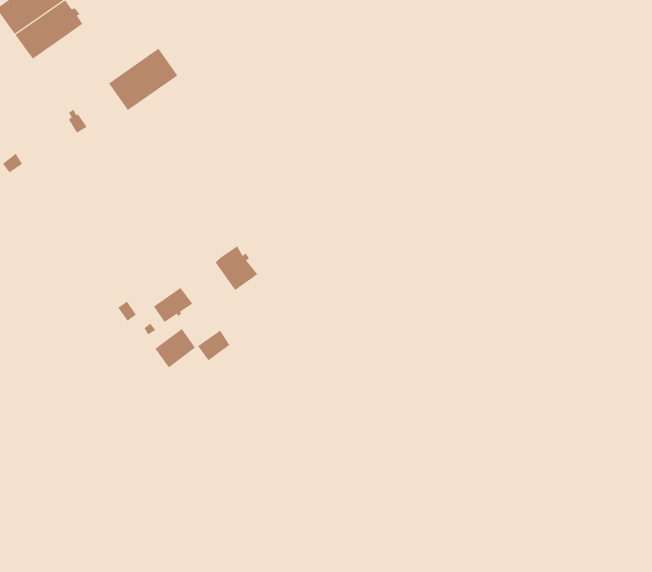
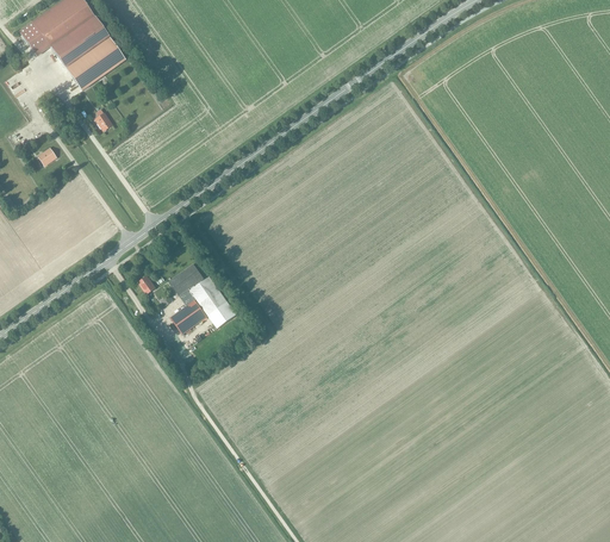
building: [108,48,178,111] -> [63,35,124,89]
building: [214,246,258,291] -> [188,275,226,314]

